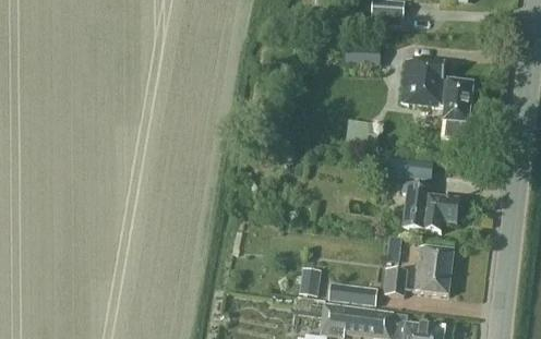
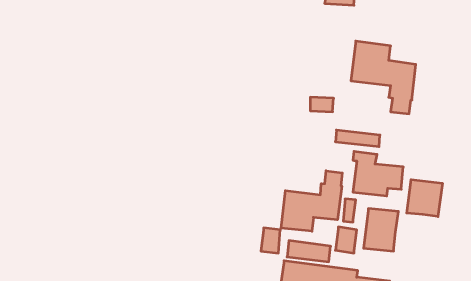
building: [345,44,380,62] -> none
building: none -> [281,171,342,231]
building: none -> [407,180,442,217]

